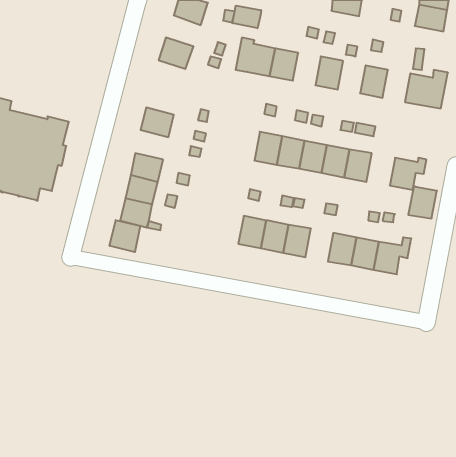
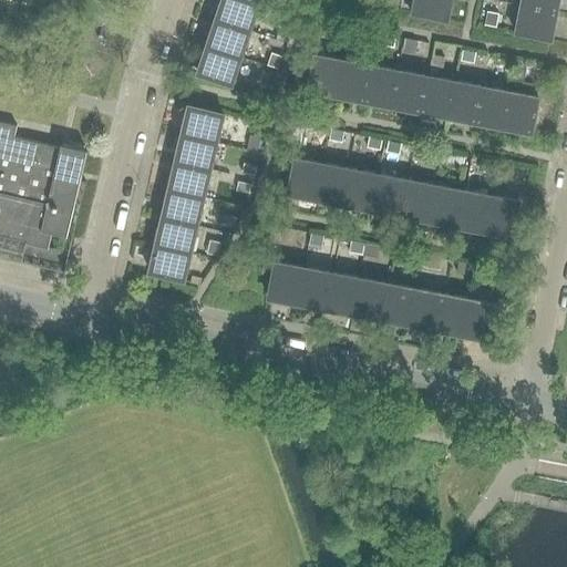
building: [232,6,261,28] -> none
building: none -> [205,20,248,59]
building: none -> [362,66,396,106]
building: none -> [417,76,452,116]
building: none -> [473,87,507,127]
building: none -> [181,106,221,143]
building: none -> [280,152,321,199]
building: none -> [167,162,208,198]
building: [408,186,437,218] -> [453,190,488,230]
building: none -> [260,245,301,302]
building: [110,220,140,252] -> none
building: none -> [378,284,412,324]

